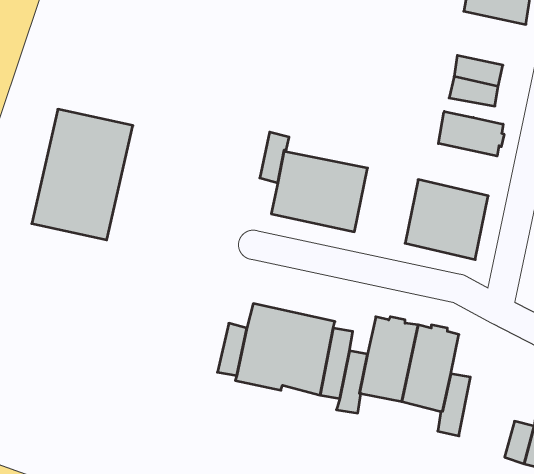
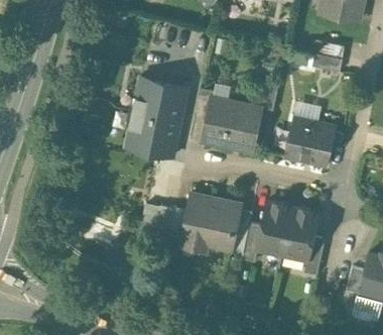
building: [32,109,133,240] -> [126,75,188,155]
building: [438,111,504,156] -> none

